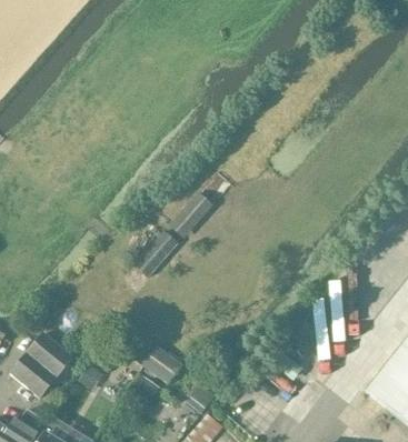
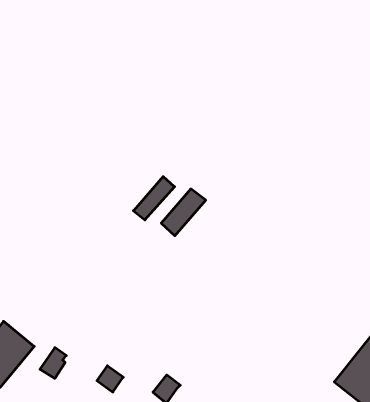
building: [136,230,179,275] -> [161,189,206,236]
building: [143,344,182,382] -> none

